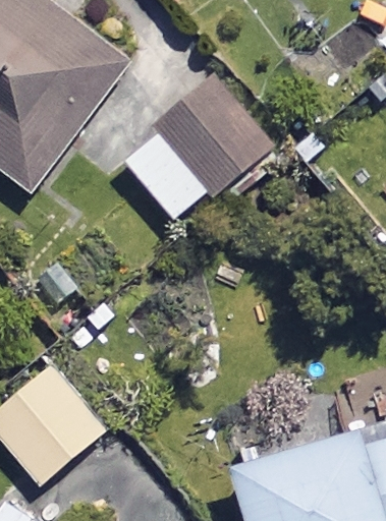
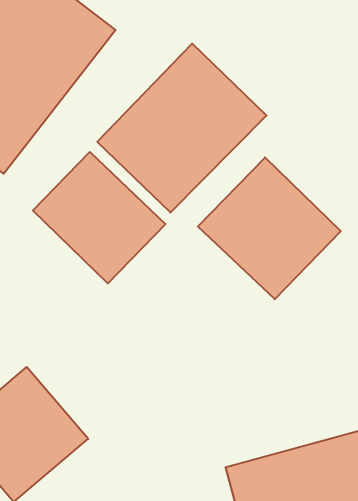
building: none -> [33,152,166,283]
building: none -> [198,157,341,299]

